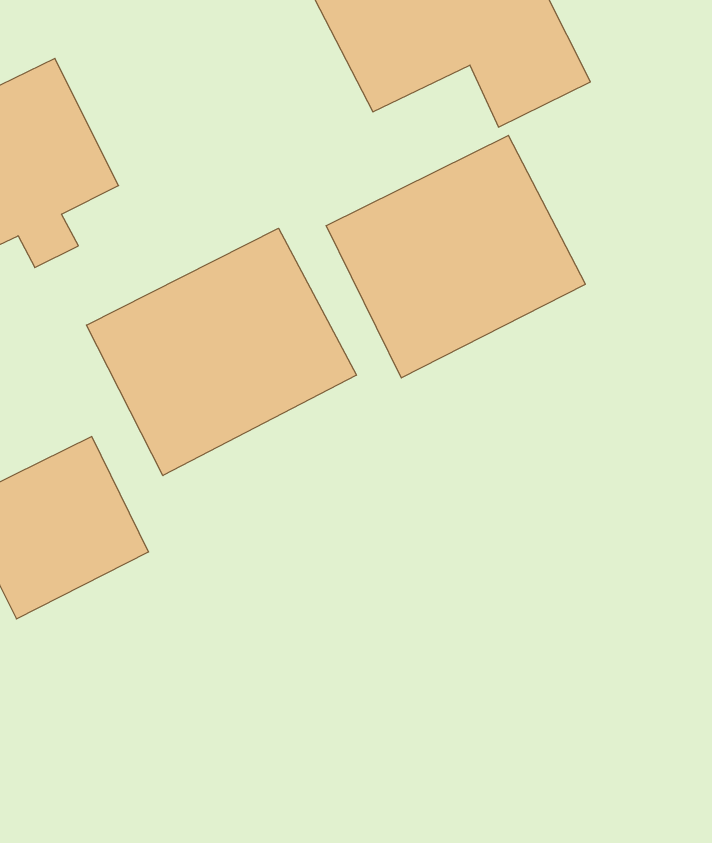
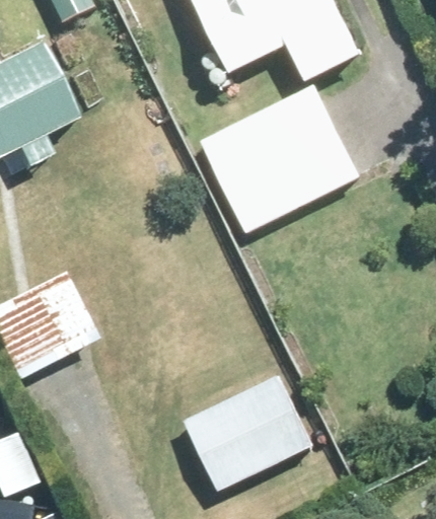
building: [86,228,356,476] -> none
building: none -> [183,373,314,492]

